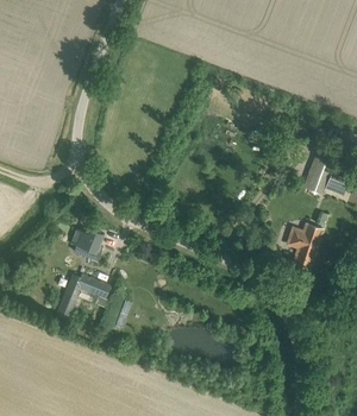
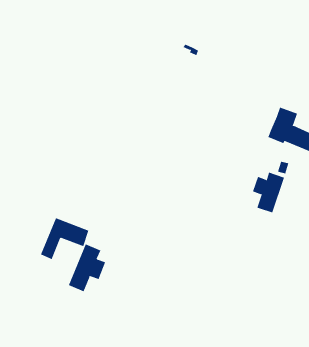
building: [70,226,104,259] -> none
building: none -> [68,244,106,292]

